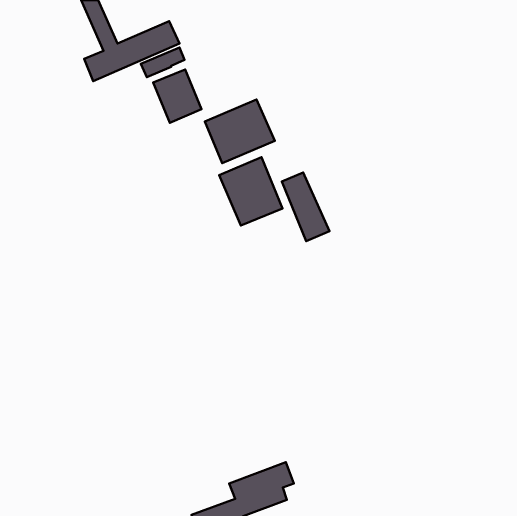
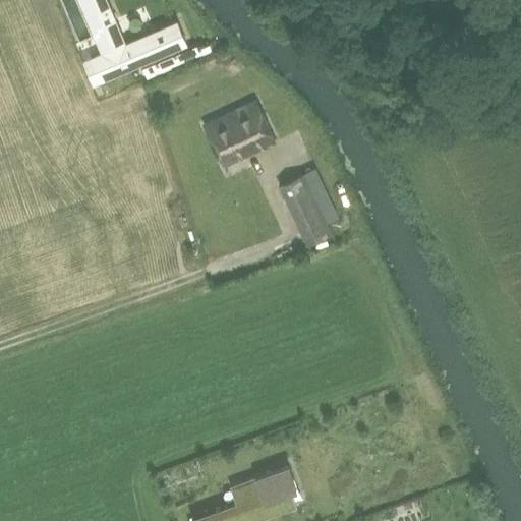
building: [153,70,201,123] -> none
building: [219,157,283,226] -> none

